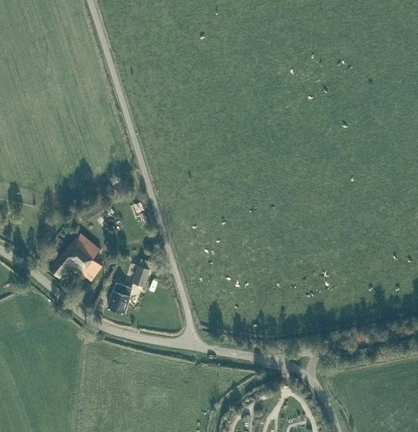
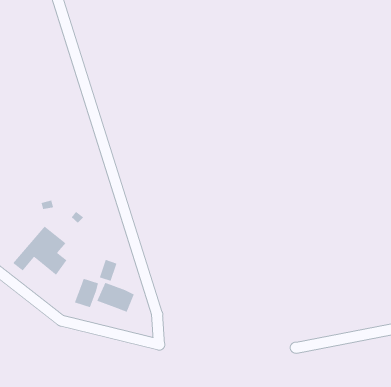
building: none -> [96,282,135,313]

